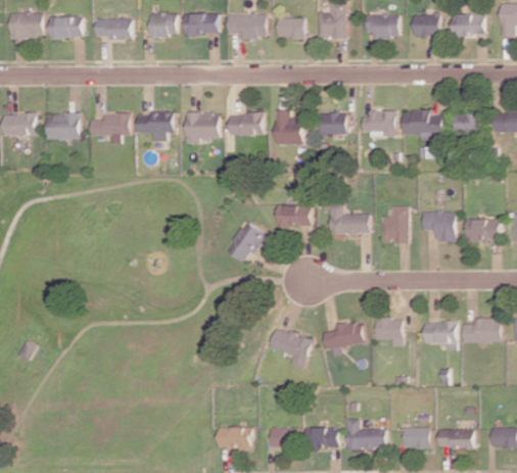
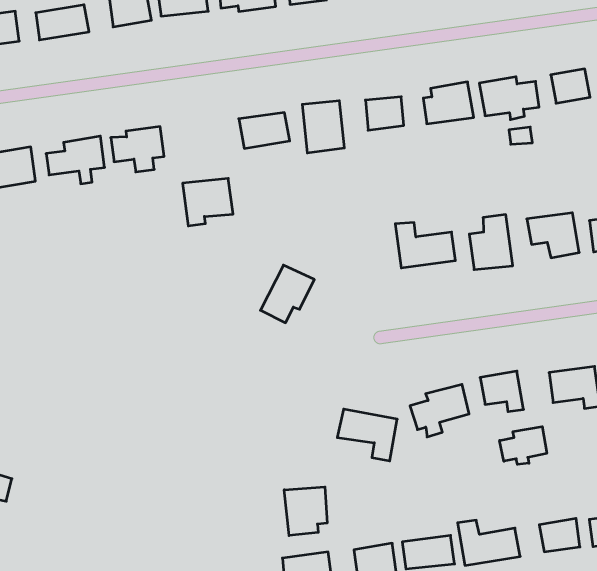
building: [185,112,218,143] -> [183,178,233,226]
building: [277,204,311,227] -> none
building: none -> [500,427,547,464]
building: none -> [284,487,327,536]

